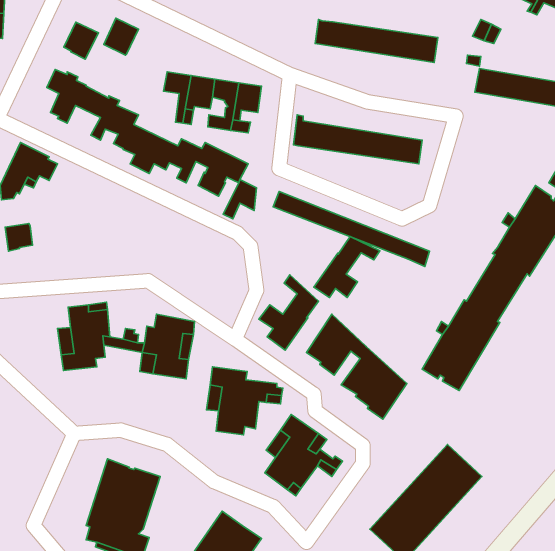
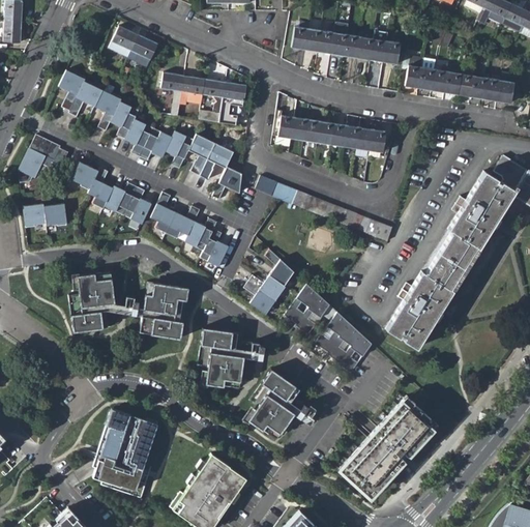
building: [64,22,98,59] -> [129,35,159,67]
building: none -> [406,65,436,90]
building: none -> [72,163,152,225]
building: none -> [152,193,230,267]
building: none -> [46,204,68,227]
building: [314,237,380,297] -> none

